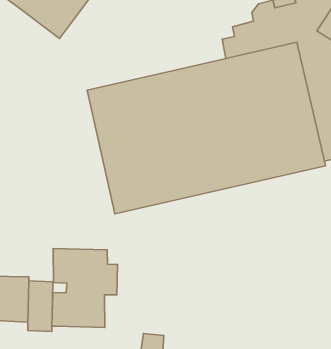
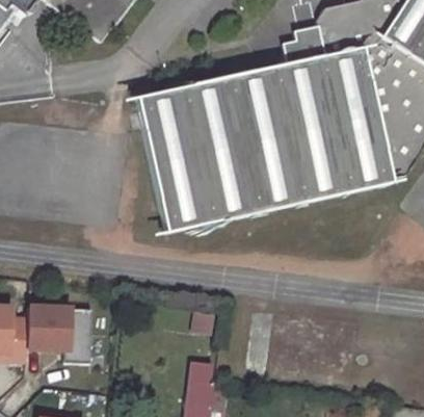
building: [52,248,118,328] -> none

